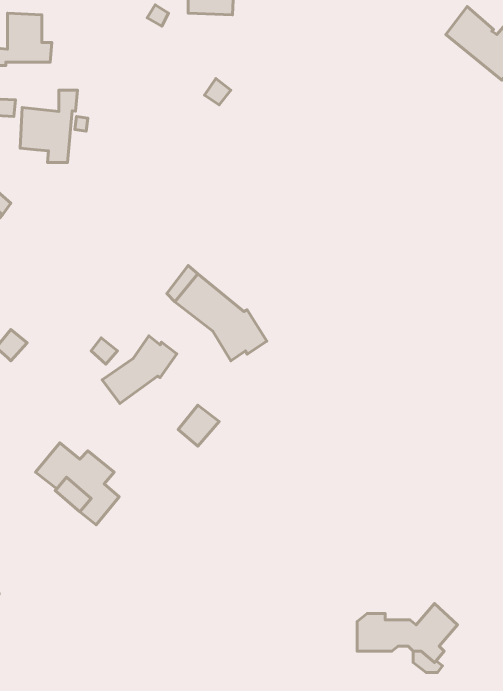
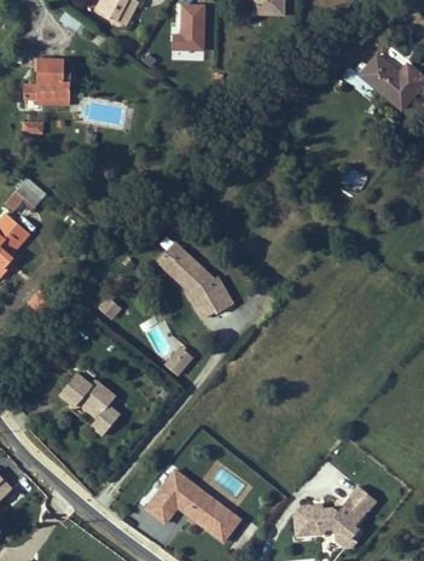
building: [20,90,77,163] -> none
building: [102,336,177,404] -> none
building: none -> [144,468,243,544]

